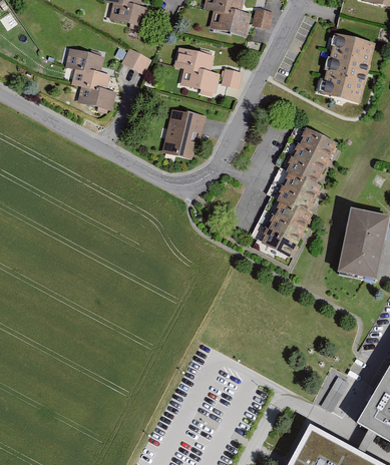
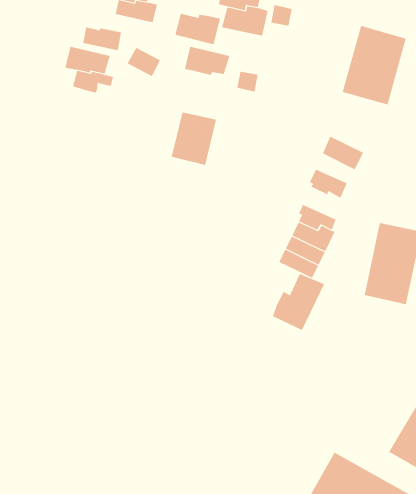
building: [176,70,219,99] -> [175,13,221,45]
building: [77,87,113,109] -> [82,27,122,51]
building: [293,145,329,172] -> none
building: [281,175,322,205] -> none
building: none -> [272,273,325,331]

